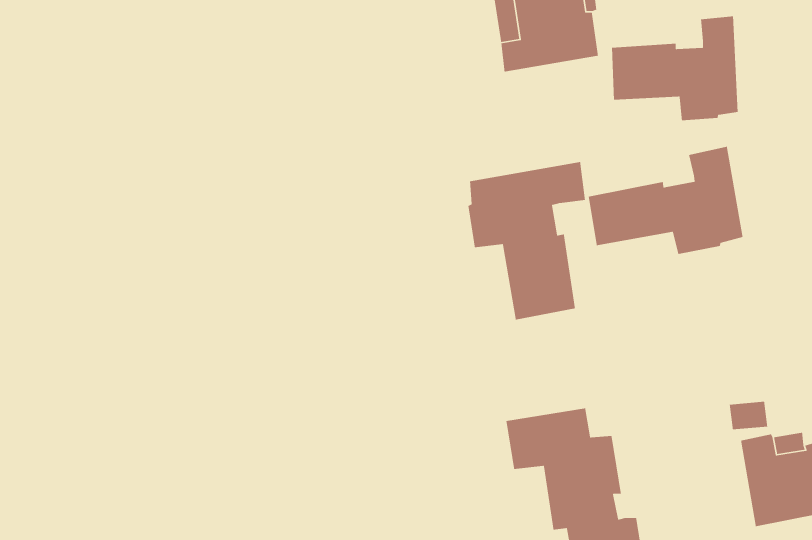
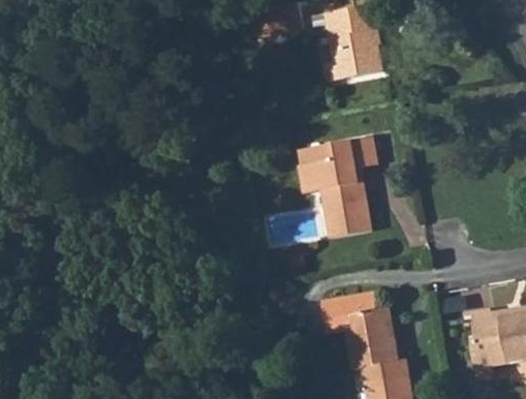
building: [611,15,738,121] -> none
building: [588,146,744,255] -> none

